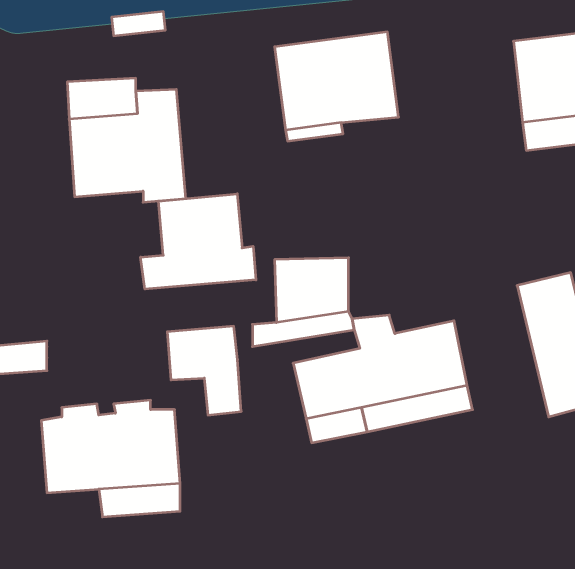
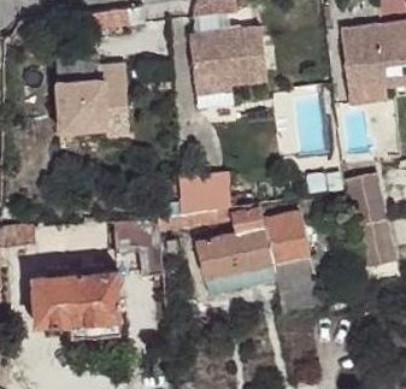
building: [141,194,256,289] -> none

